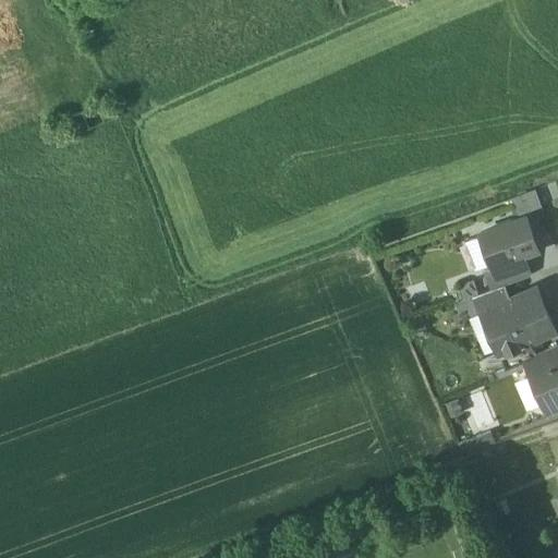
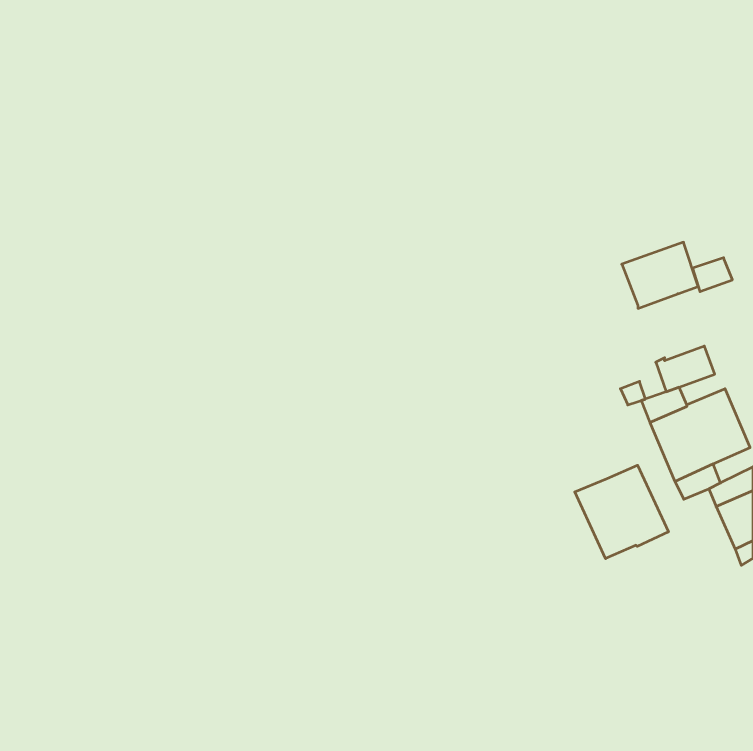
building: [480,218,536,267] -> [622,242,698,308]
building: none -> [575,465,668,559]

